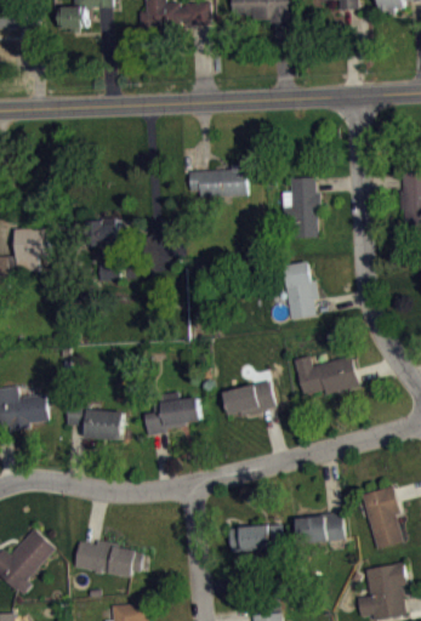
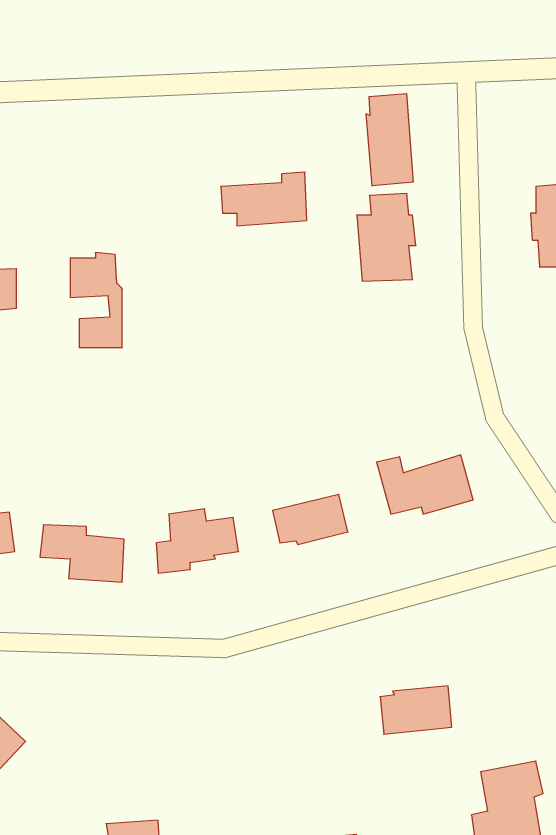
building: none -> [366,94,413,186]
building: [281,262,317,320] -> none
building: [360,486,403,549] -> none
building: [228,523,283,553] -> none
building: [74,541,141,577] -> none

